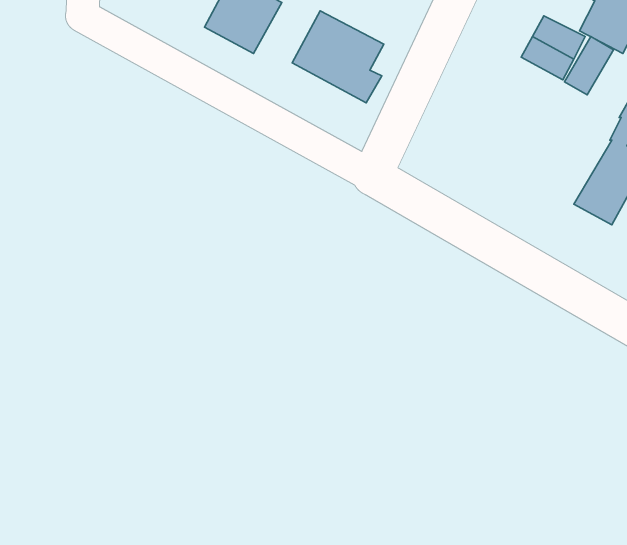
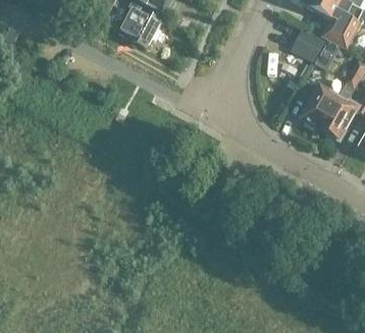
building: [292,11,384,103] -> none
building: none -> [300,81,340,128]

